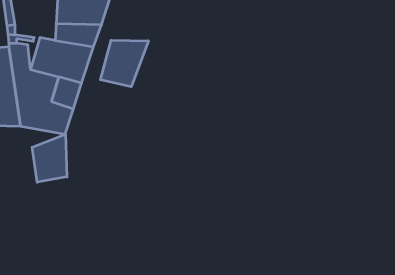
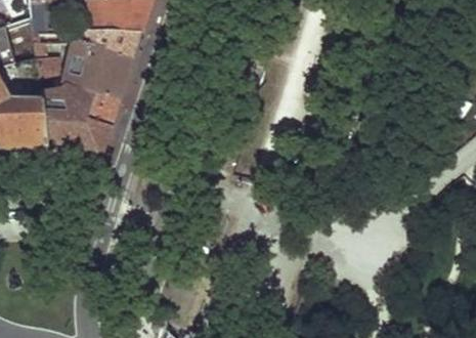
building: [100,40,148,87] -> none
building: [32,134,67,182] -> none

